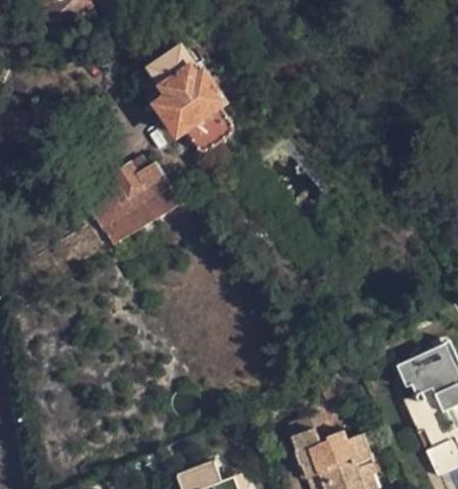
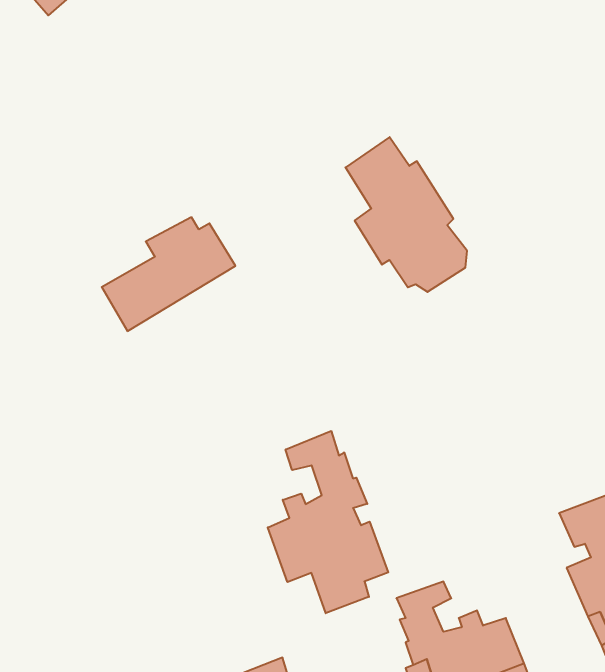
building: [152,55,233,158] -> [345,137,467,292]
building: none -> [268,431,388,613]

